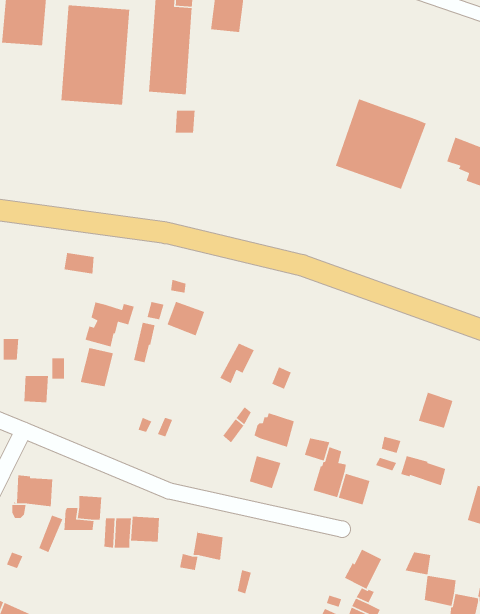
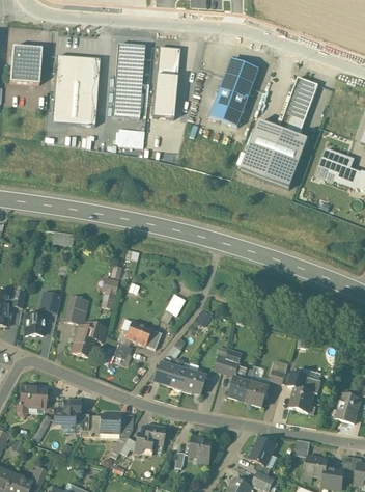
building: none -> [210,57,259,126]
building: none -> [151,73,176,116]
building: none -> [279,76,318,135]
building: [167,301,205,337] -> [124,320,151,345]
building: [84,302,135,348] -> [71,324,106,356]
building: [418,392,454,429] -> [289,385,314,411]
building: [253,412,295,448] -> [159,364,188,389]
building: none -> [187,436,213,463]

